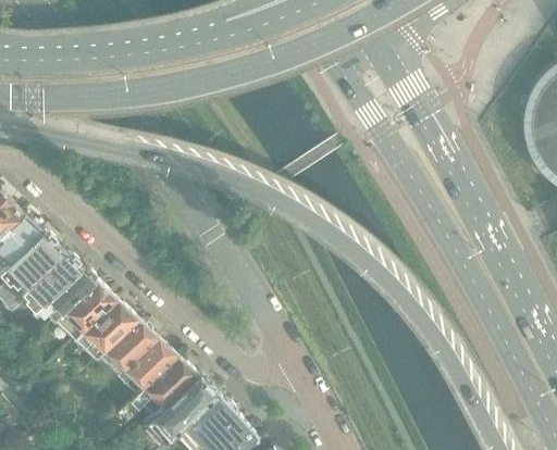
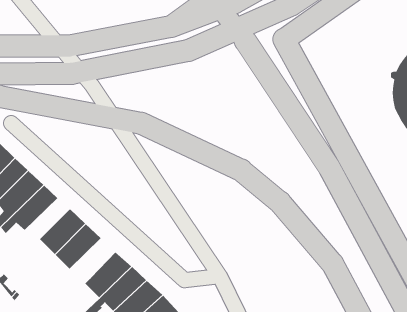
building: [33,267,98,323] -> none
building: [98,321,159,380] -> none

